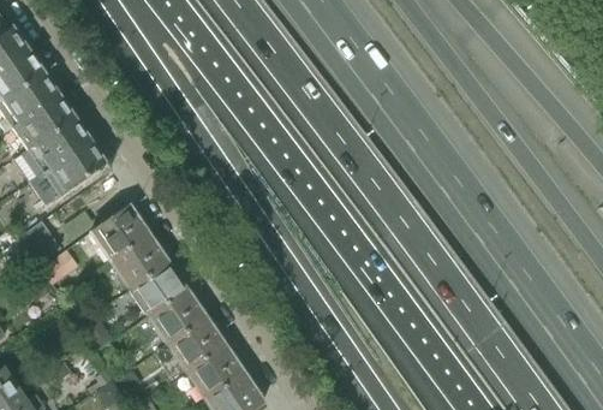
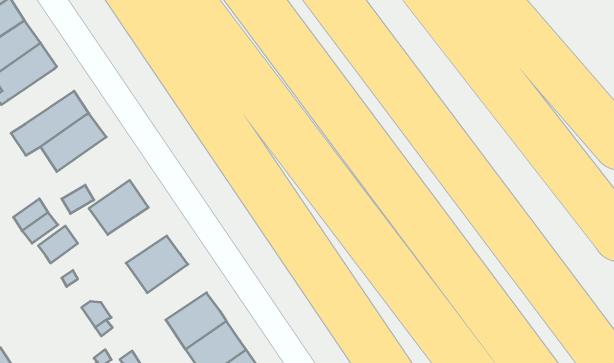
building: [11,94,76,150] -> none
building: [108,231,166,285] -> none
building: [147,286,204,340] -> none

